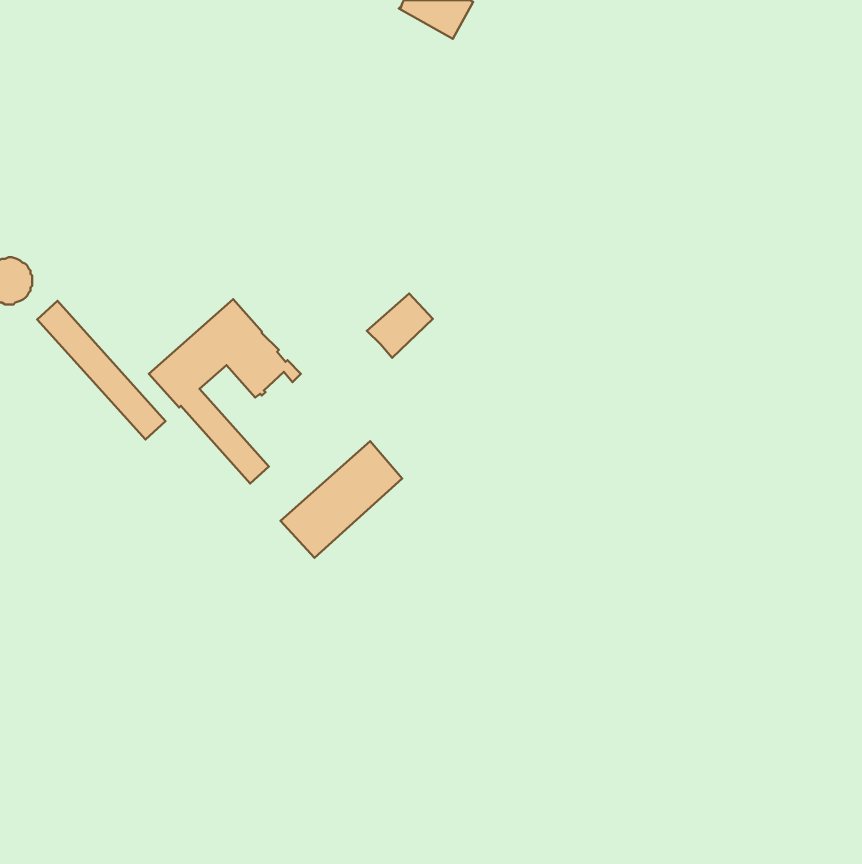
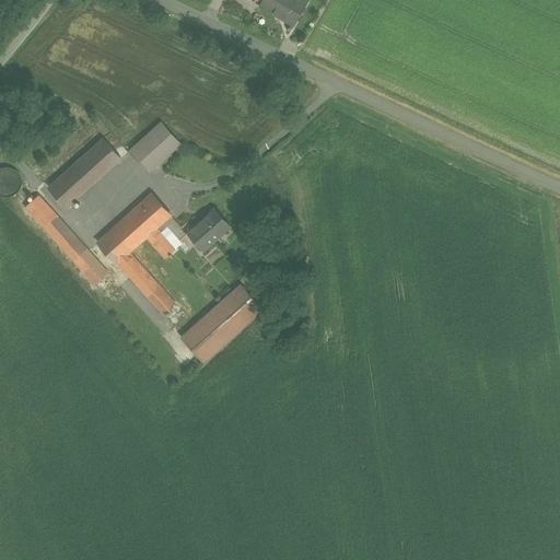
building: none -> [126,120,178,173]
building: none -> [48,139,120,207]
building: [367,293,433,358] -> [186,209,229,250]

